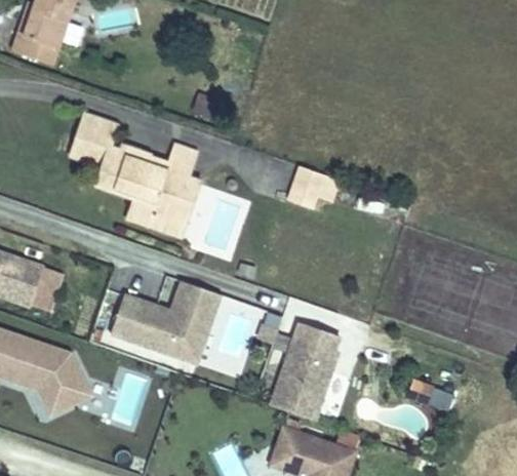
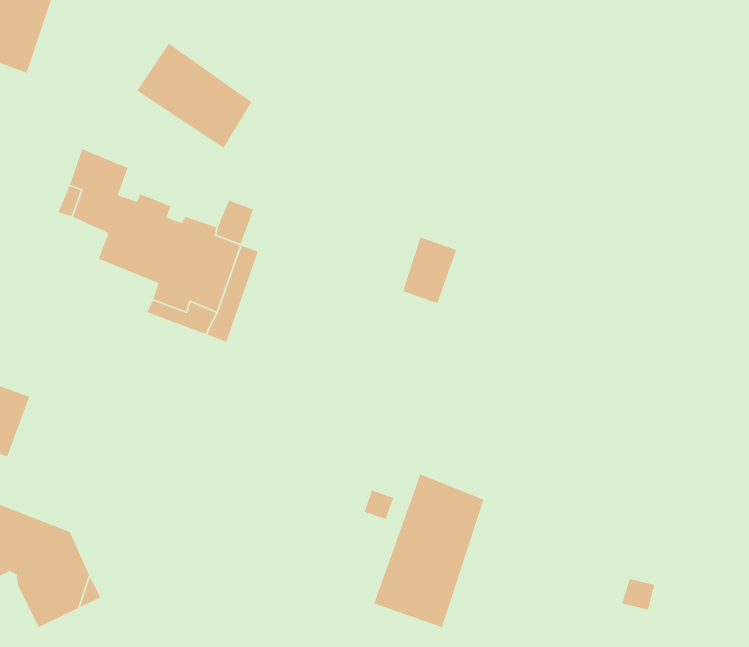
building: none -> [136,43,253,149]
building: [114,284,224,366] -> none

